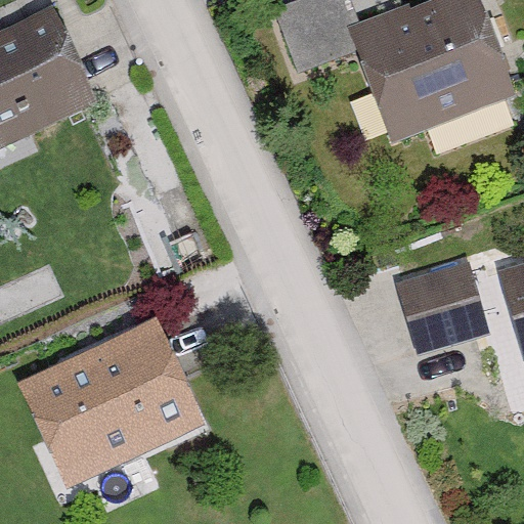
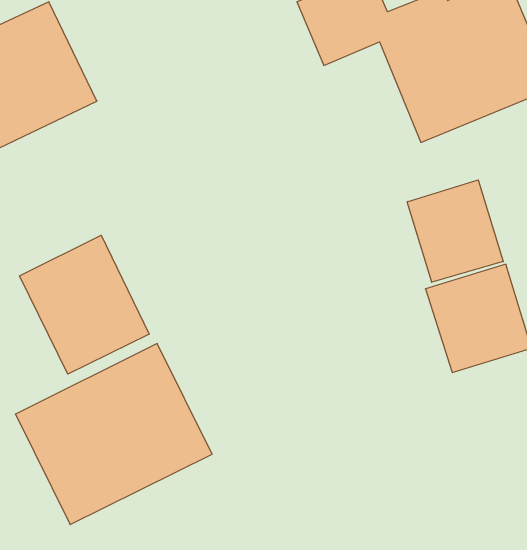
building: none -> [407,180,503,282]
building: none -> [19,235,149,374]

